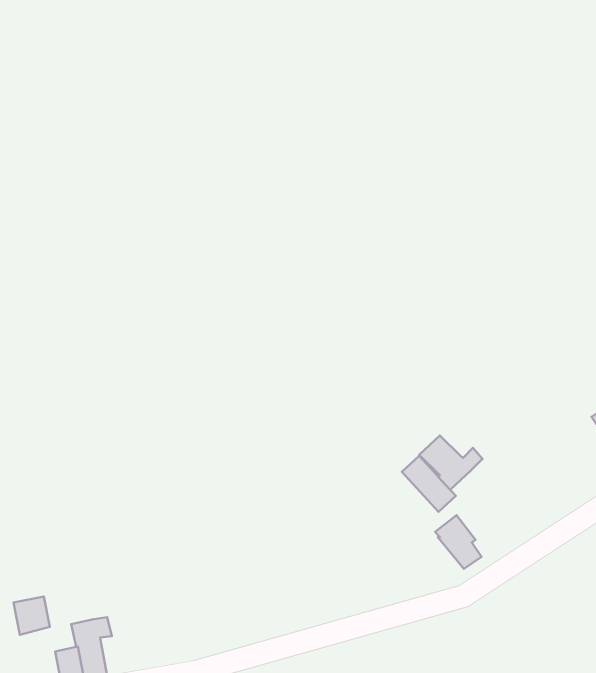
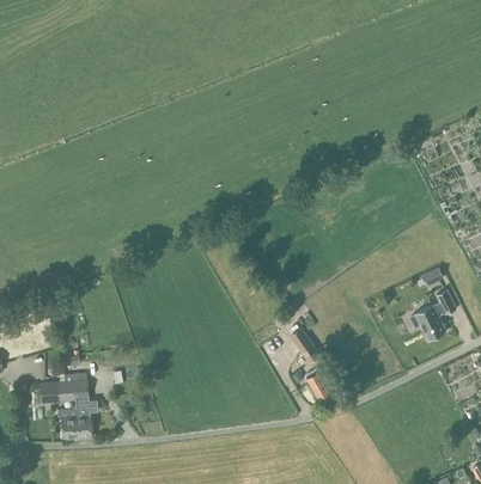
building: [419,436,483,490] -> none
building: none -> [60,373,89,402]

